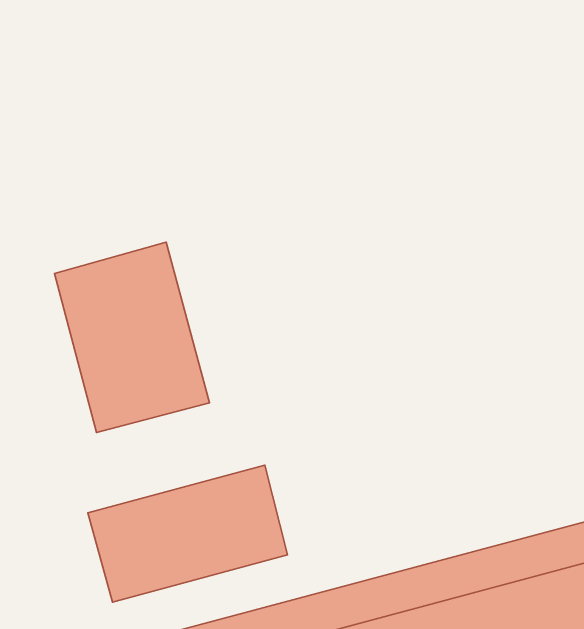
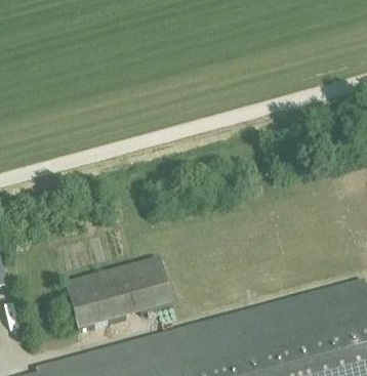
building: [54,242,209,433] -> none

